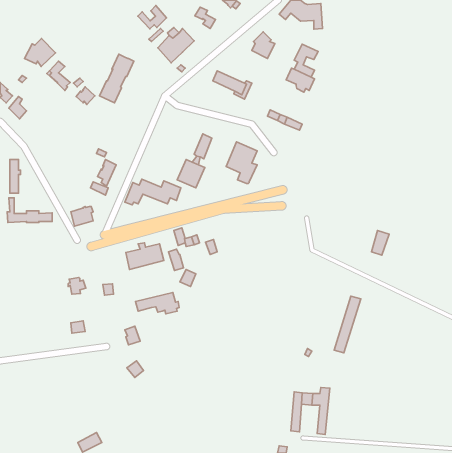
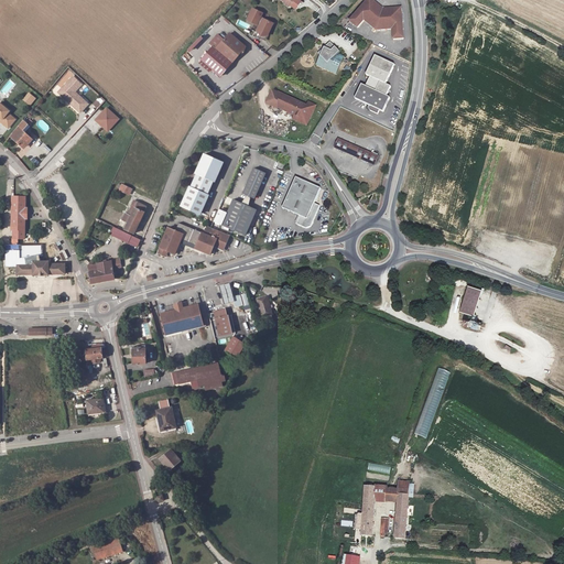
building: [138,6,167,29] -> none
building: [25,38,56,66] -> none
building: [99,54,134,103] -> [180,153,223,214]

